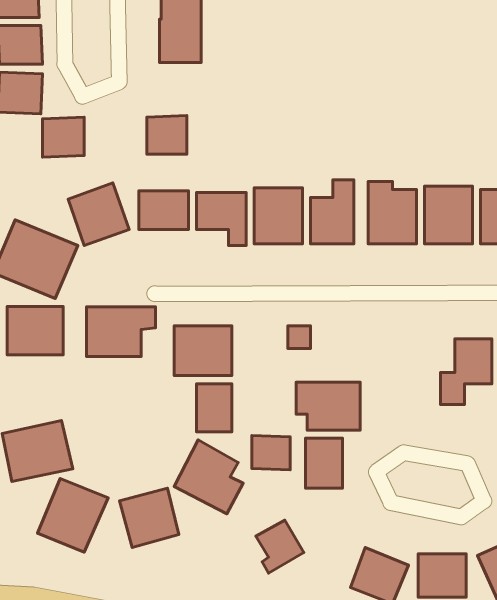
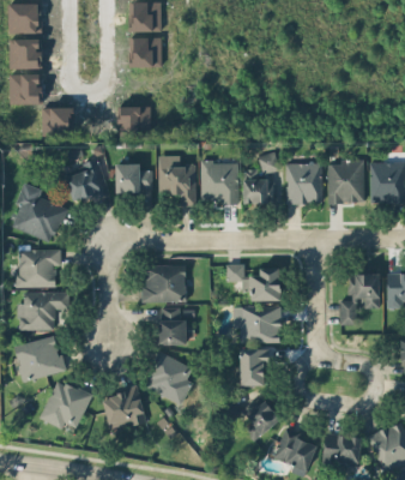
building: [87,307,156,357] -> [17,292,68,329]
building: none -> [250,270,279,300]
building: [252,436,290,470] -> none
building: [256,520,304,573] -> [243,398,279,438]

